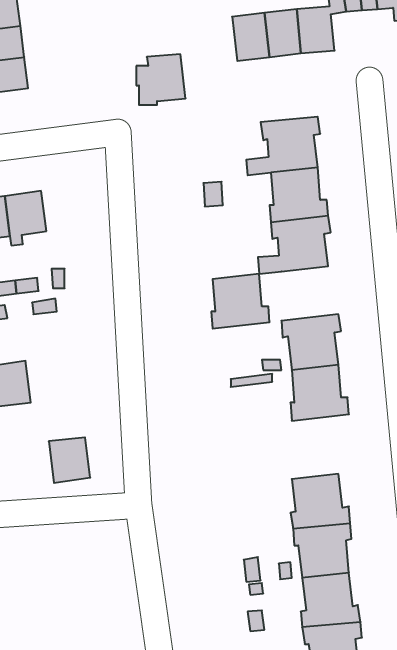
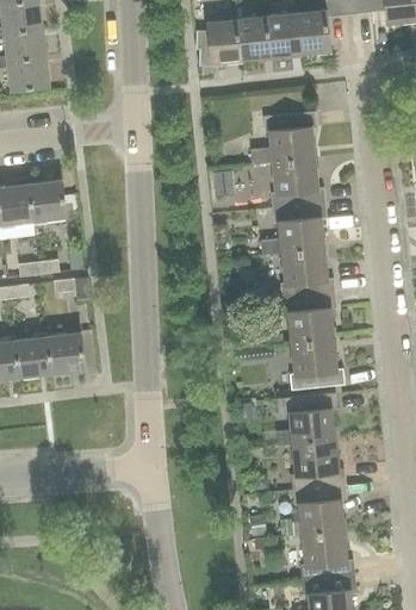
building: [136,54,186,105] -> [195,20,241,67]
building: [211,274,270,329] -> [280,249,334,299]
building: none -> [275,393,336,447]
building: [49,437,90,483] -> [46,332,85,374]

